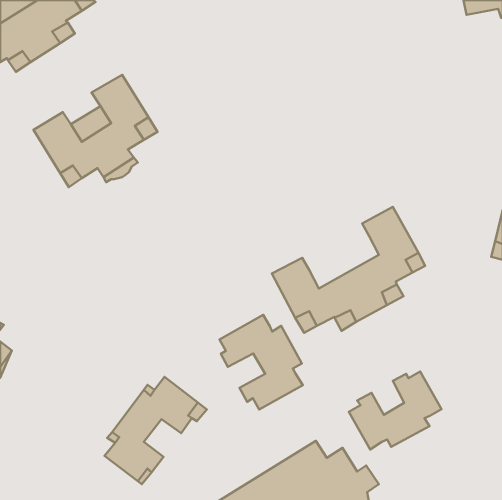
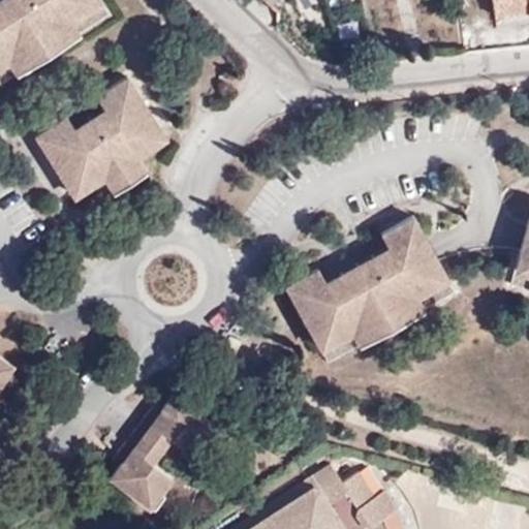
building: none -> [325,251,399,306]
building: [219,315,303,410] -> none
building: [349,372,441,449] -> none

